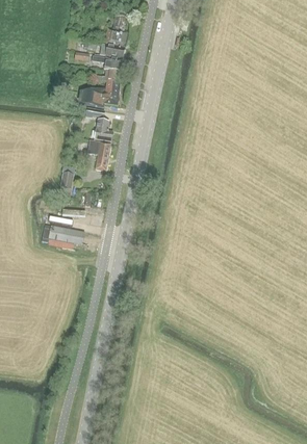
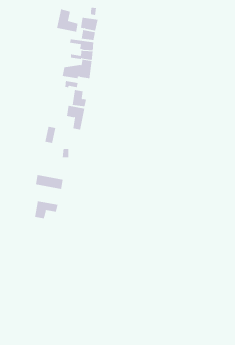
building: none -> [57,9,78,33]
building: none -> [34,200,58,219]

